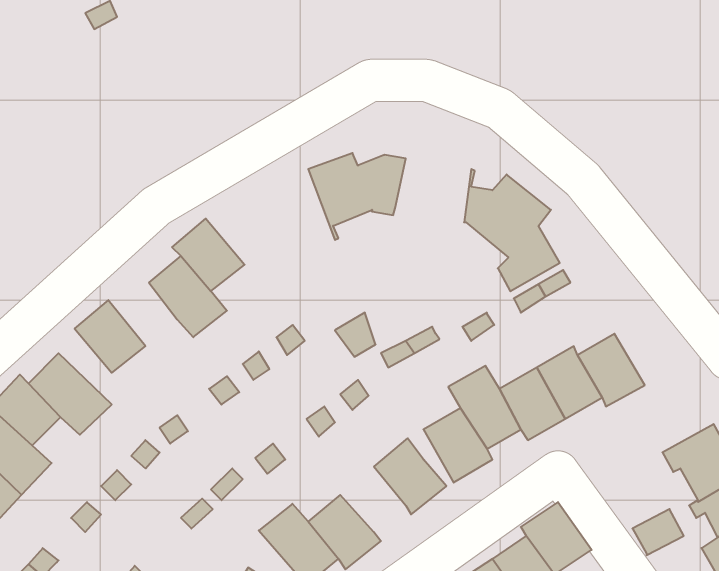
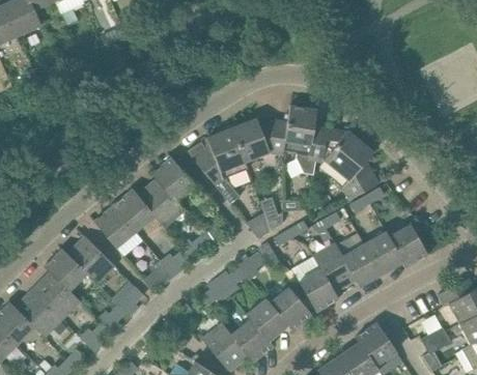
building: none -> [281,106,326,175]
building: none -> [187,128,246,200]
building: none -> [113,190,153,232]
building: none -> [245,298,287,341]

